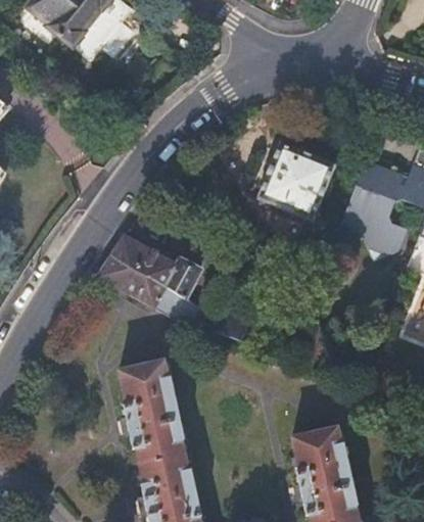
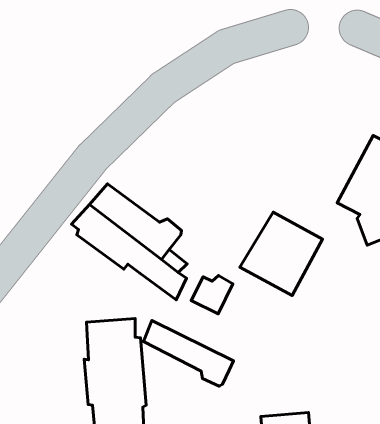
building: [257,145,331,221] -> [240,212,322,296]
building: none -> [144,321,234,386]

